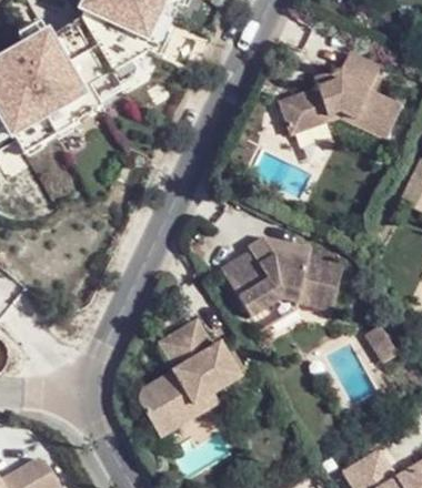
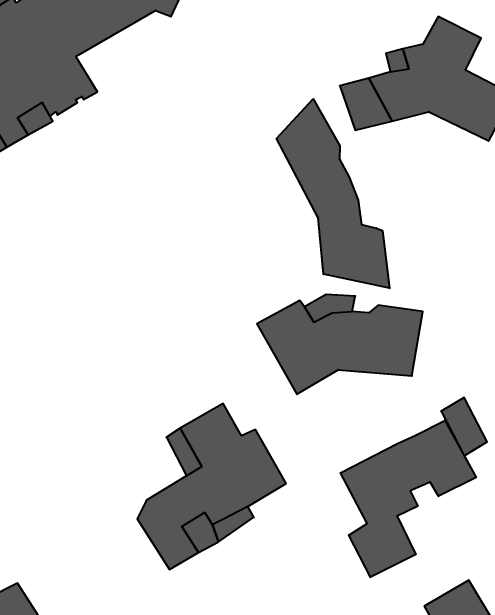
building: none -> [277,99,390,288]
building: none -> [340,420,476,577]

